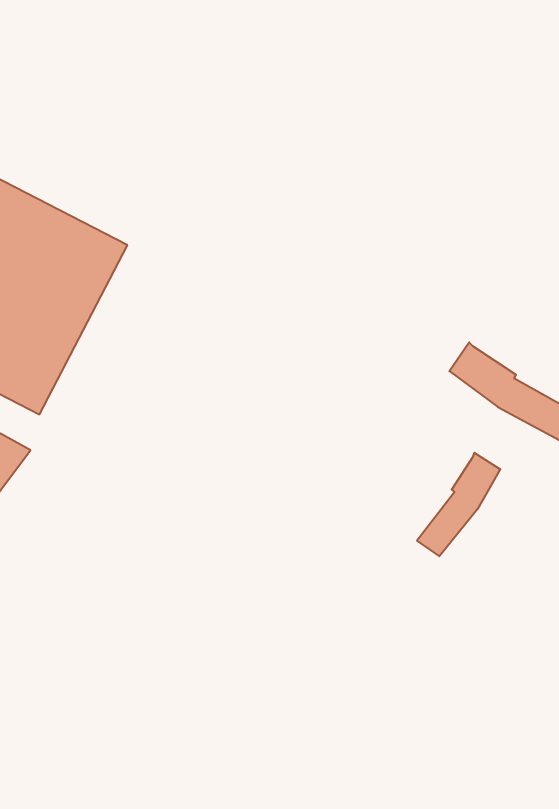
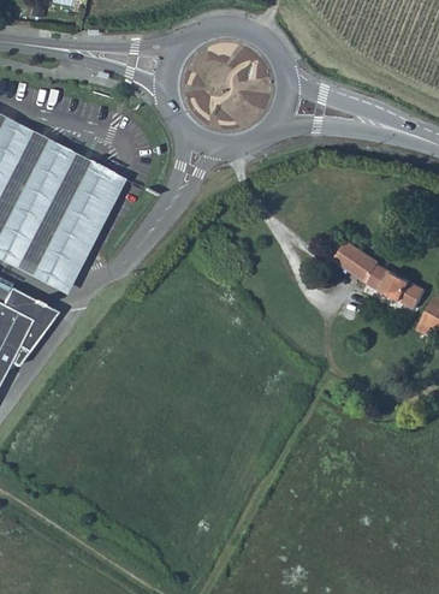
building: [417,453,500,556] -> none

